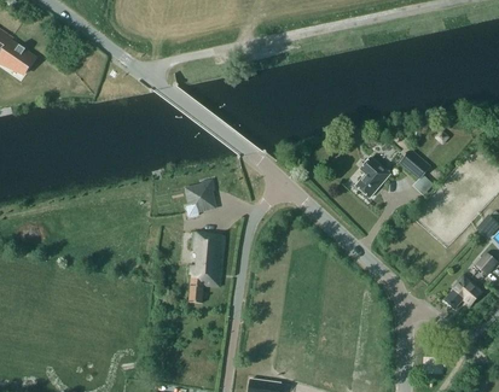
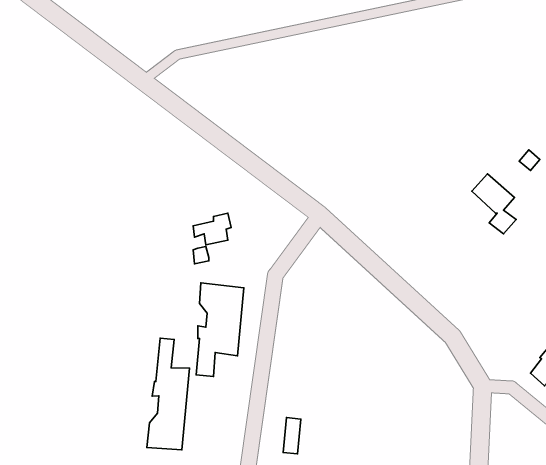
building: [354,157,384,198] -> none
building: none -> [147,338,189,450]

